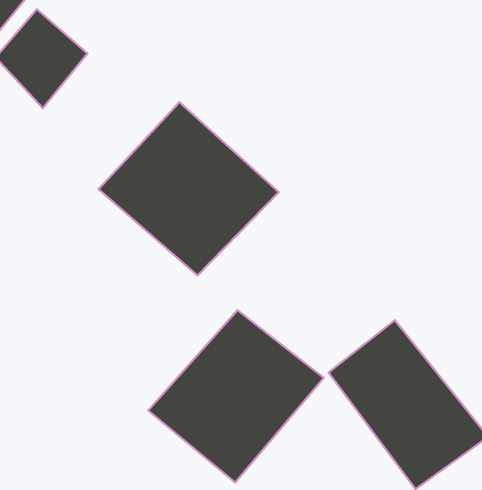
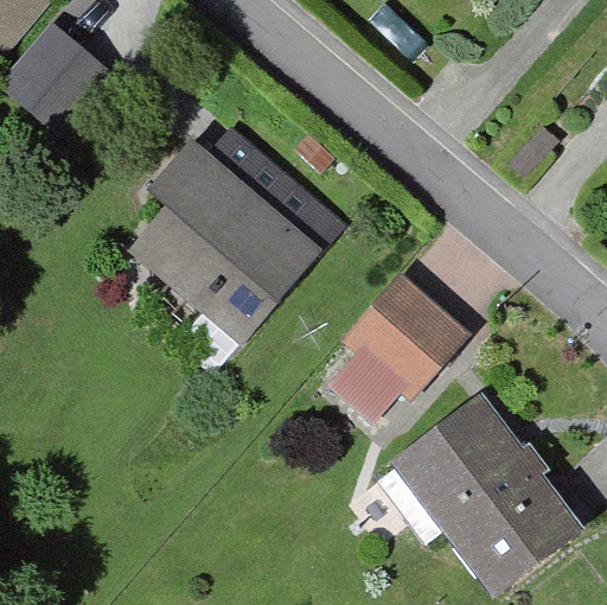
building: none -> [320,275,465,416]
building: [148,310,324,482] -> none

